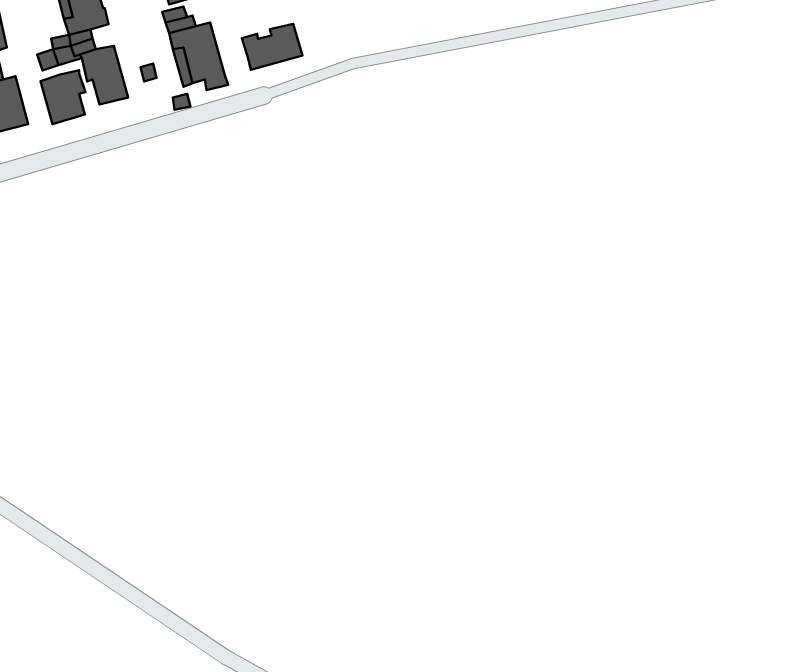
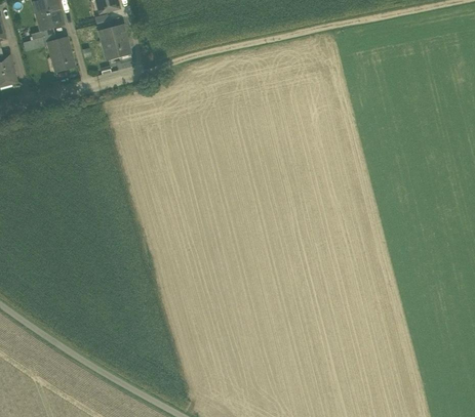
building: [242,24,302,70] -> none
building: [41,70,85,124] -> none

